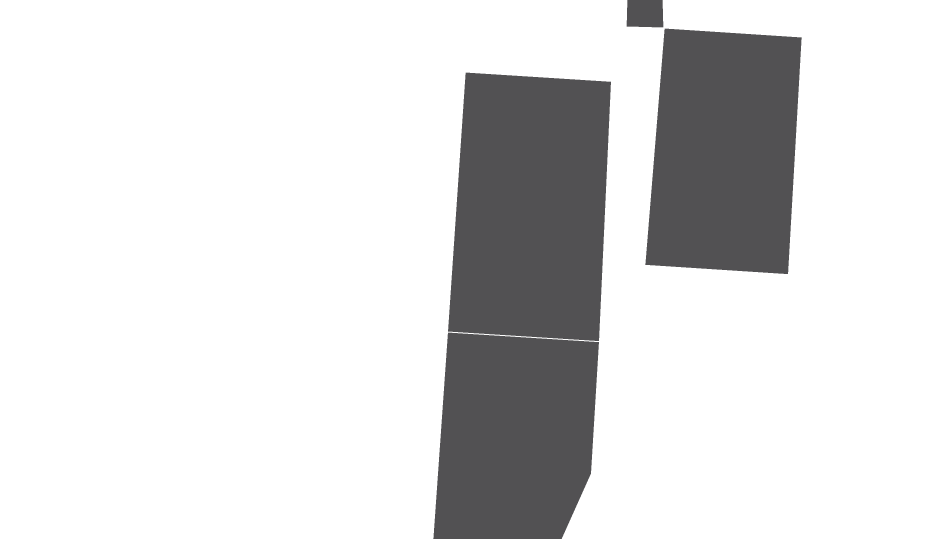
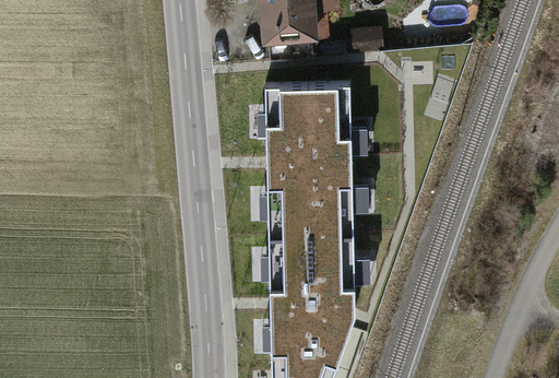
building: [645,28,802,275] -> none

